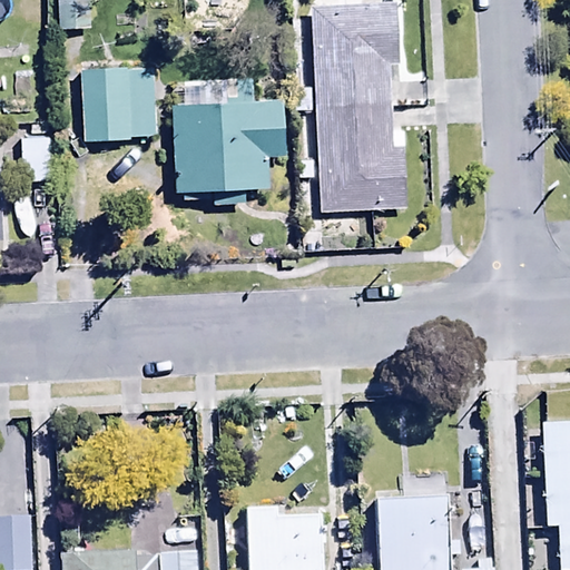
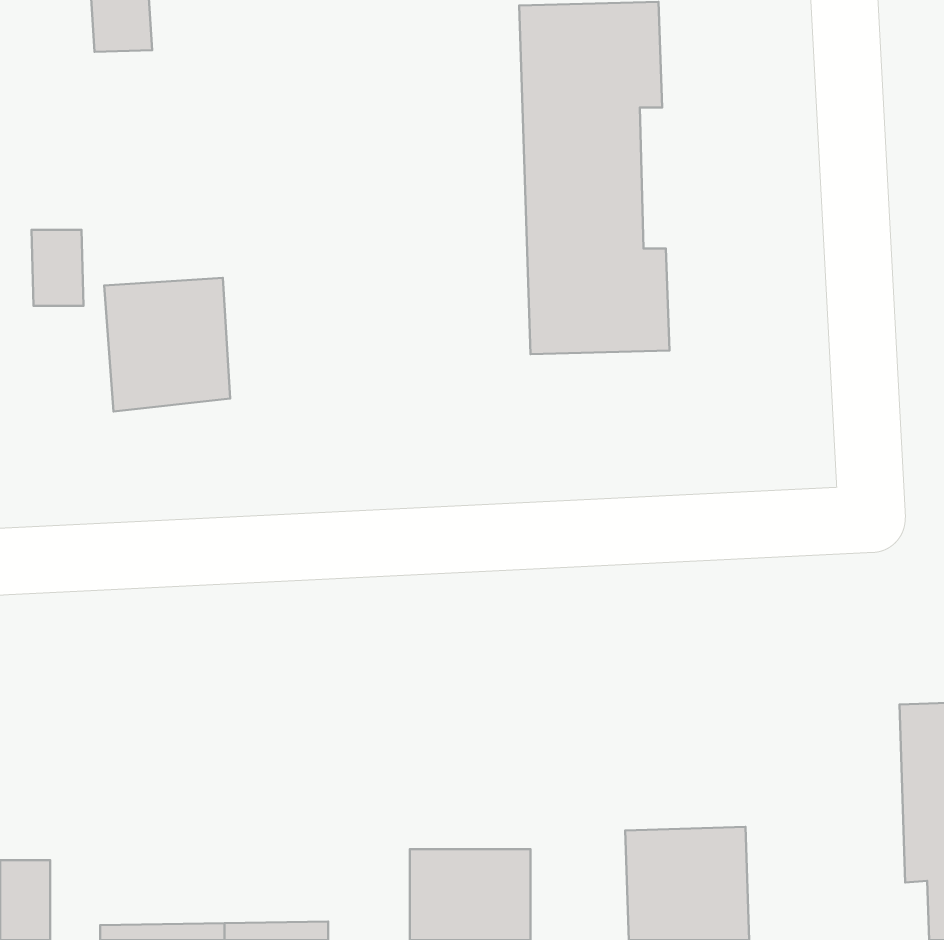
building: [81,62,157,142] -> [104,278,230,411]
building: [170,77,287,204] -> none

